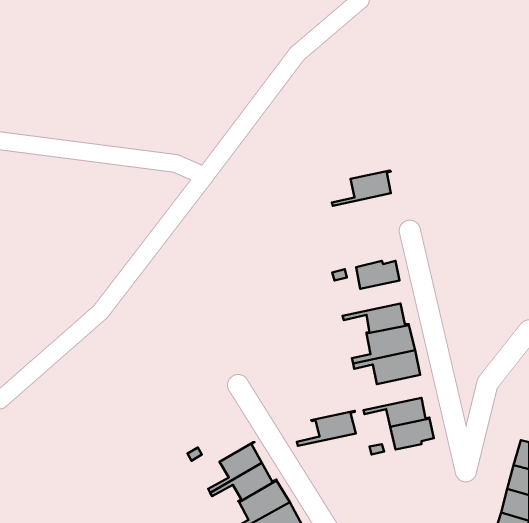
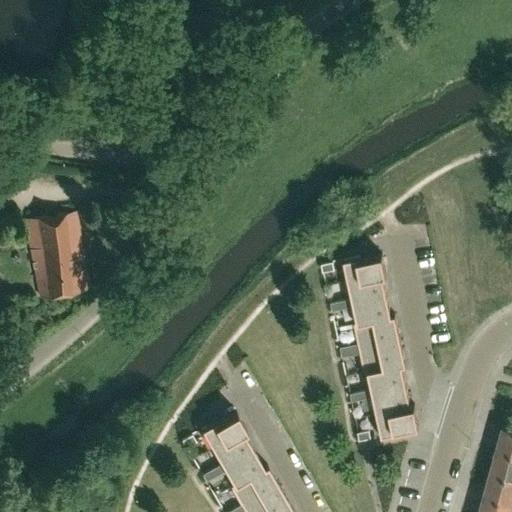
building: [332,170,391,206] -> [330,277,387,311]
building: none -> [24,215,86,300]
building: [297,411,356,446] -> [350,368,407,402]
building: none -> [201,416,245,452]

